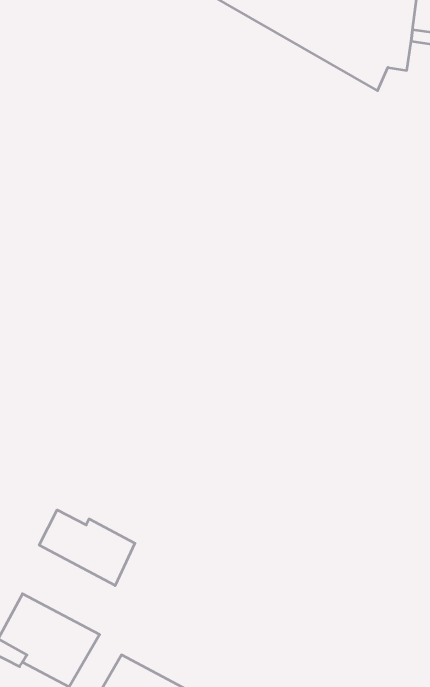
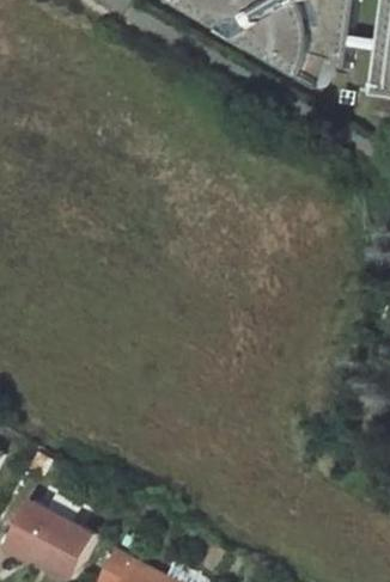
building: [39,510,135,586] -> none

